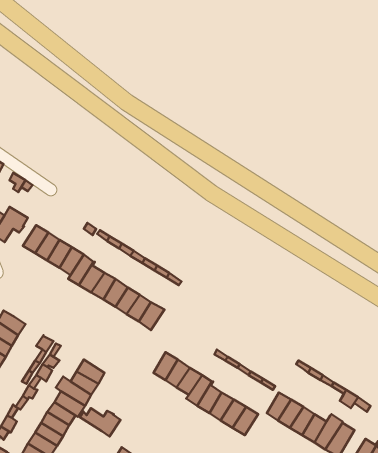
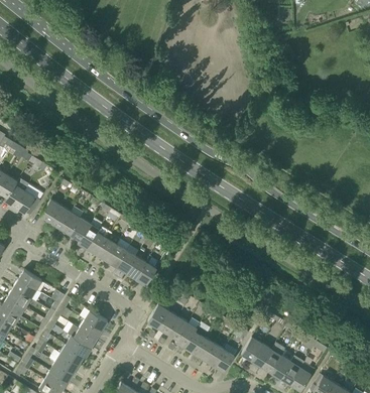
building: [80,408,121,436] -> none

